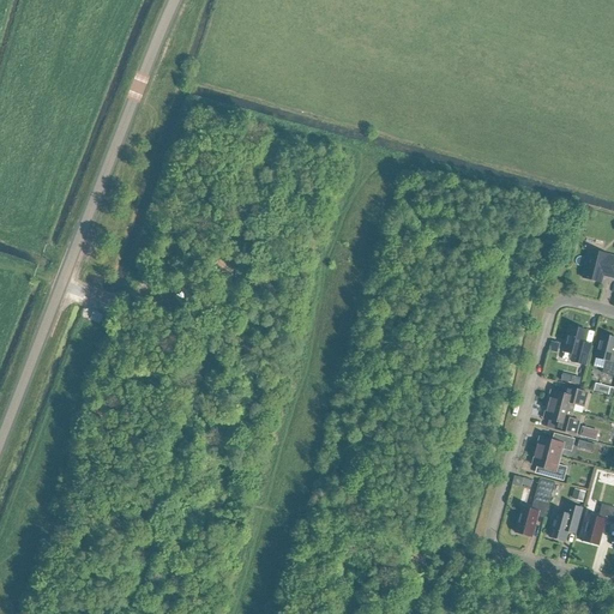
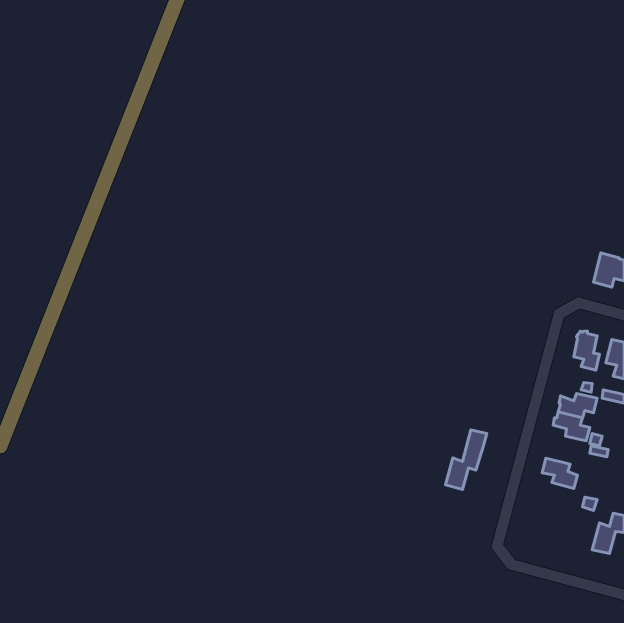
building: [536,432,574,456] -> none
building: [514,477,555,536] -> [445,430,487,490]
building: [549,504,583,540] -> none

